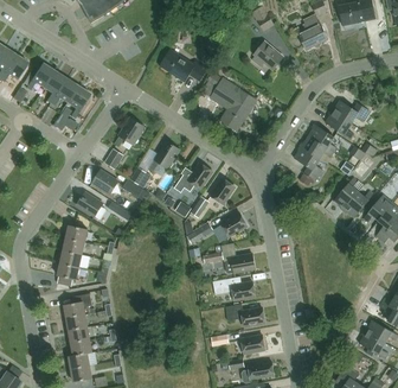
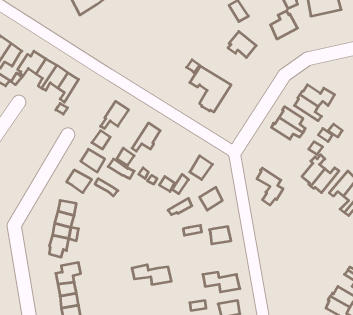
building: [160,49,207,81] -> none
building: [294,146,322,186] -> [257,168,283,205]
building: [175,163,213,192] -> none
building: [213,279,256,300] -> [132,265,171,284]

